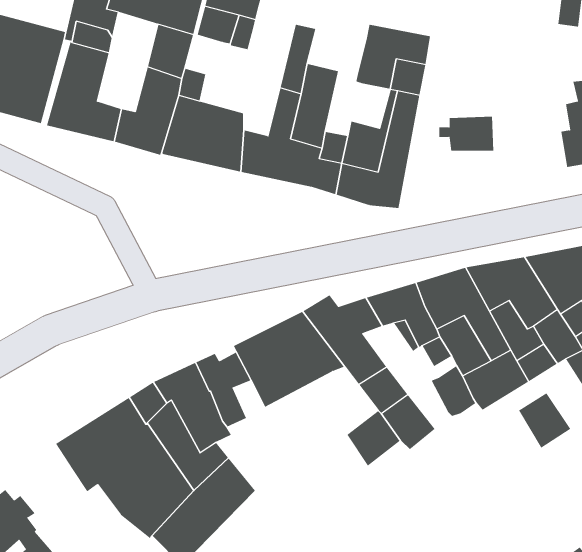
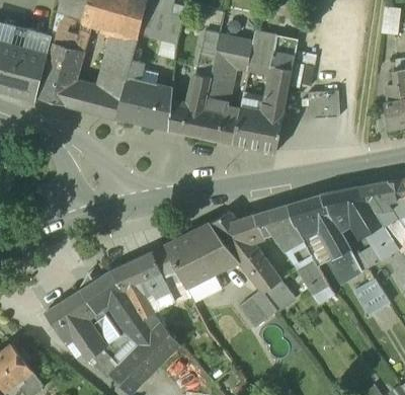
building: none -> [214,34,253,66]

